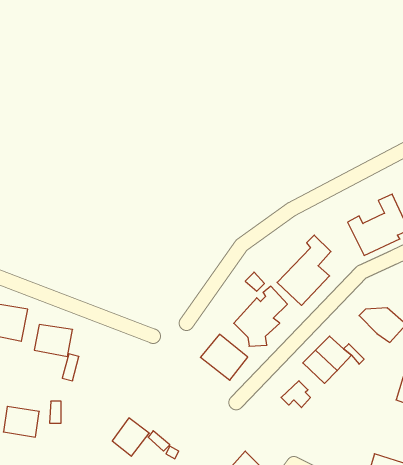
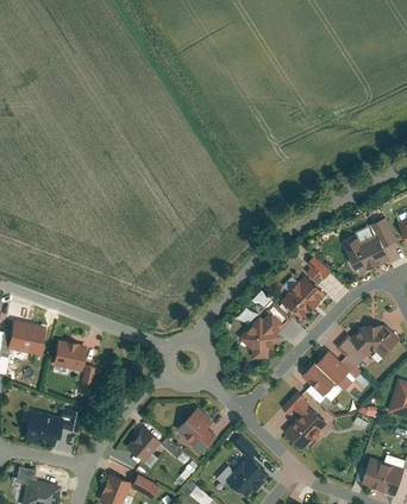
building: none -> [339,332,371,365]
building: [200,334,248,380] -> [174,410,218,453]
building: none -> [286,408,326,448]

